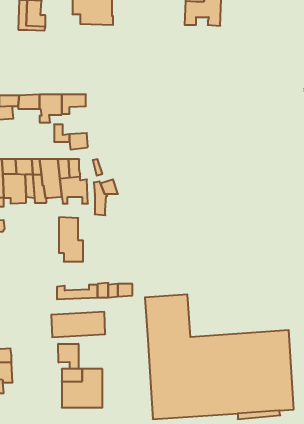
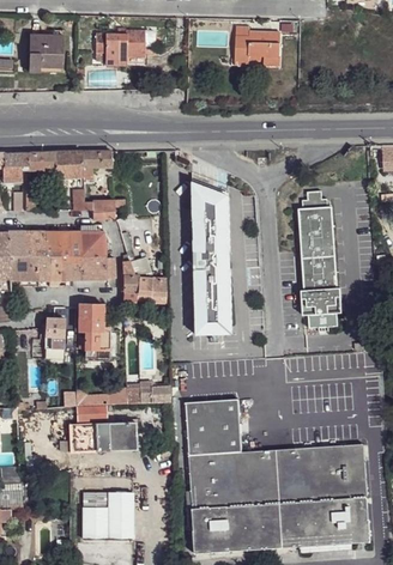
building: none -> [194,182,236,338]
building: none -> [297,190,341,328]
building: none -> [135,277,165,303]
building: none -> [43,316,64,348]
building: [58,344,79,369] -> none

